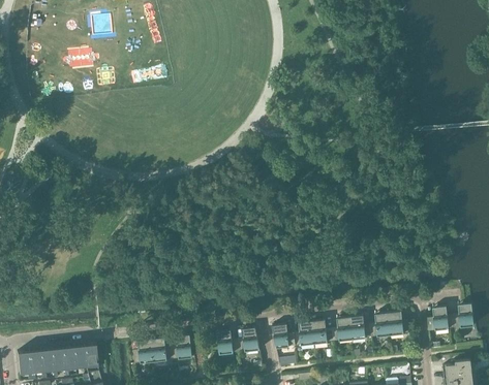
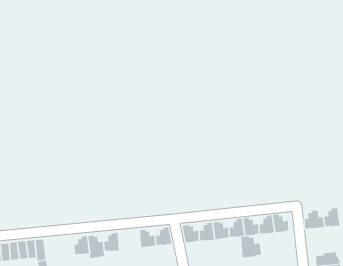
building: none -> [241,236,262,258]

